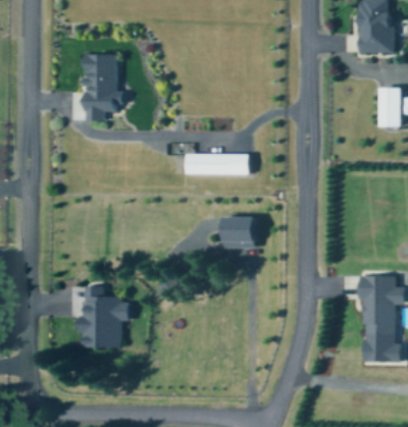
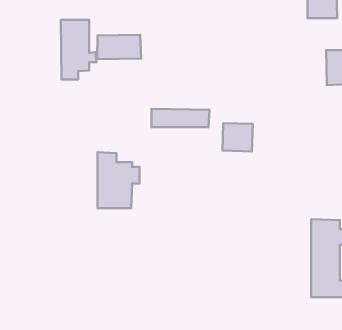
building: none -> [97,35,141,59]
building: [224,217,258,249] -> [222,123,253,152]
building: [81,286,128,349] -> [97,152,140,208]

